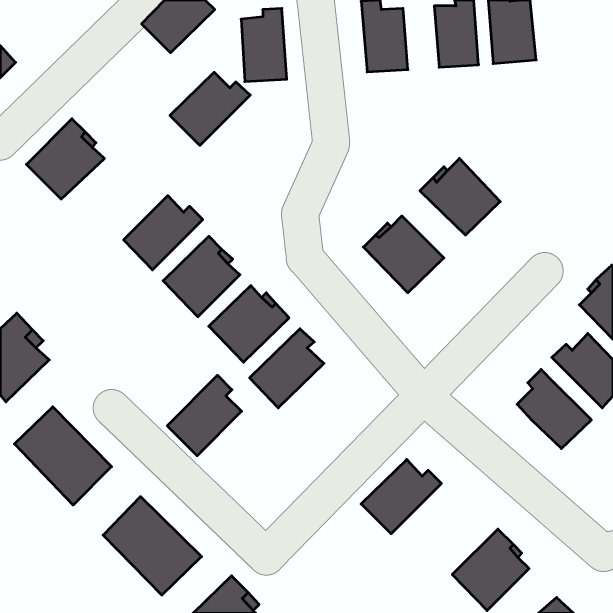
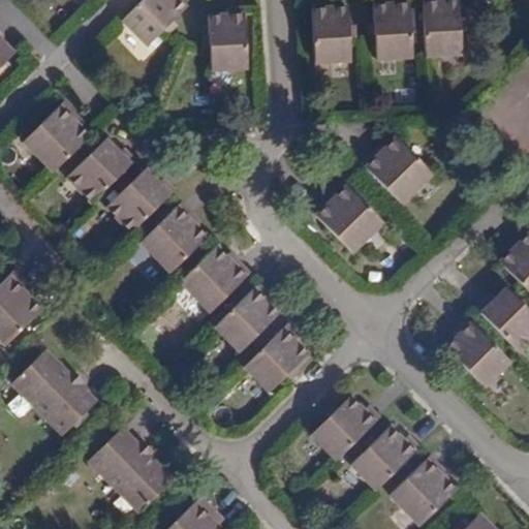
building: [170,72,250,145] -> [66,139,135,203]
building: [167,375,242,456] -> [244,322,308,392]
building: none -> [351,426,421,490]

